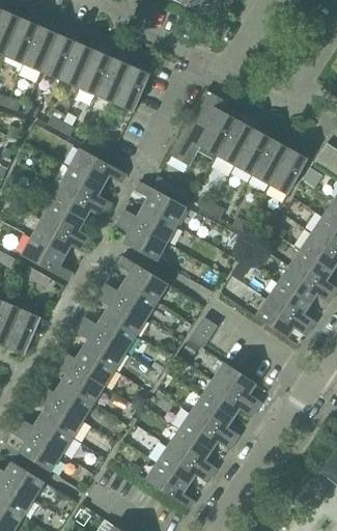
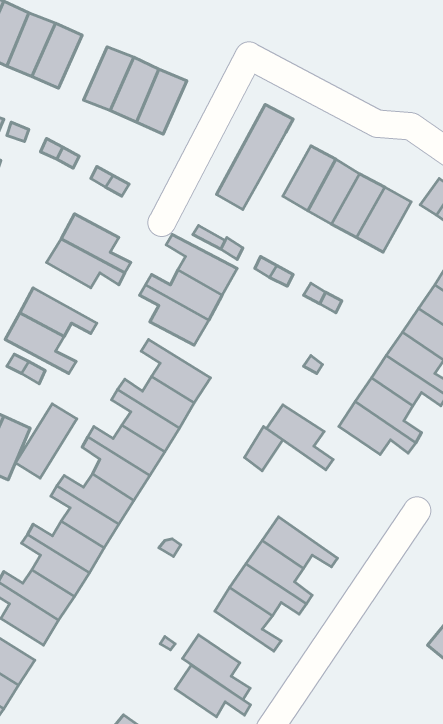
building: [59,41,93,87] -> none
building: [199,110,236,155] -> none
building: [71,148,125,184] -> none
building: [41,201,90,244] -> none
building: none -> [15,404,77,478]
building: [214,363,260,409] -> [267,405,333,470]
building: [158,446,210,482] -> [175,665,250,717]

